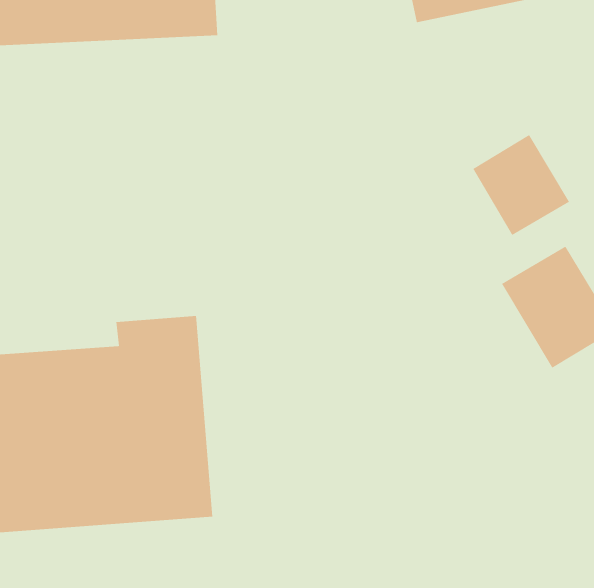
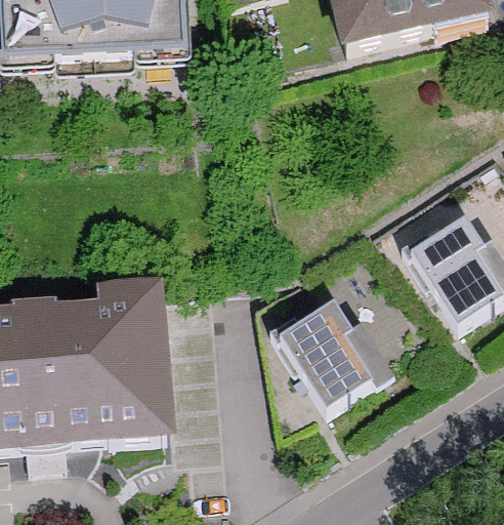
building: [473,134,570,236] -> none
building: none -> [282,304,378,405]

